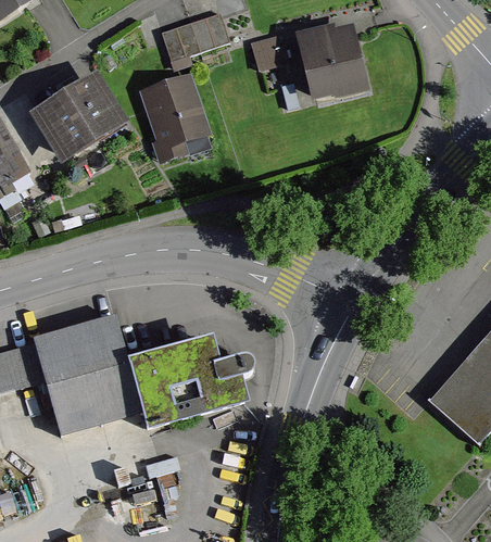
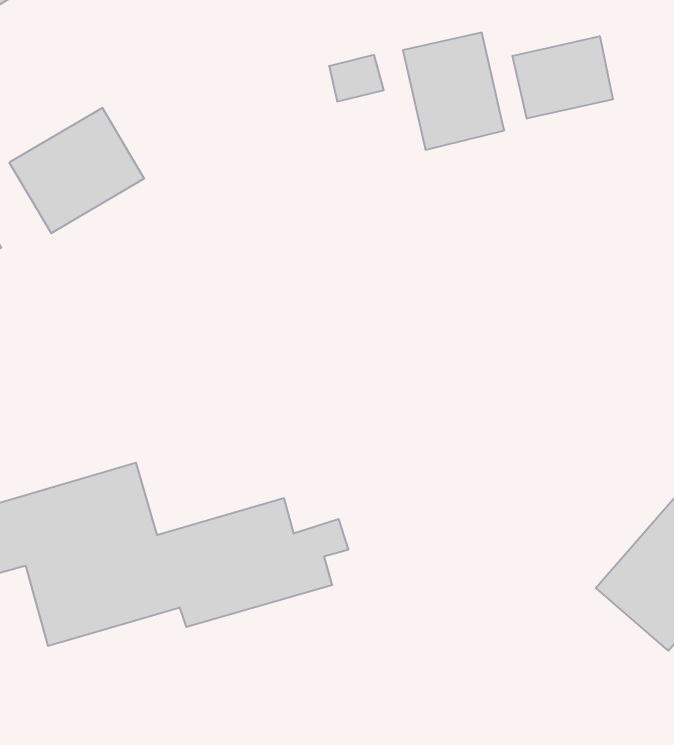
building: [161,15,226,61] -> none
building: none -> [513,36,613,119]
building: [140,72,207,151] -> none

